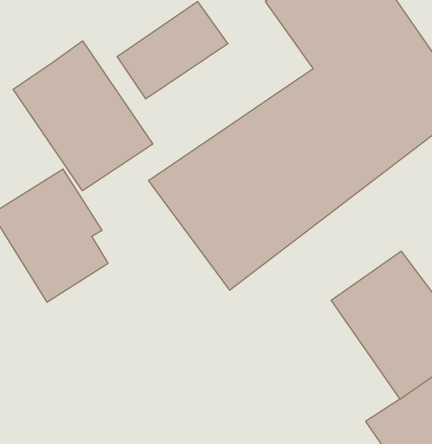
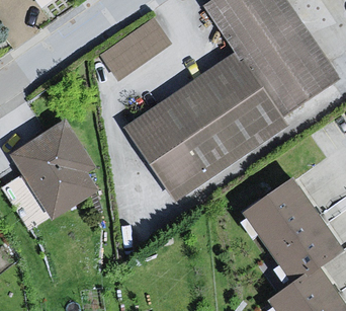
building: [13,41,153,191] -> none

